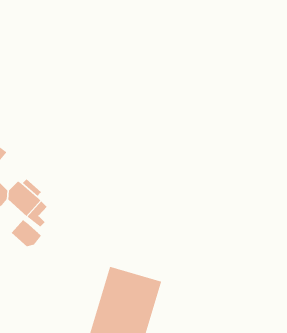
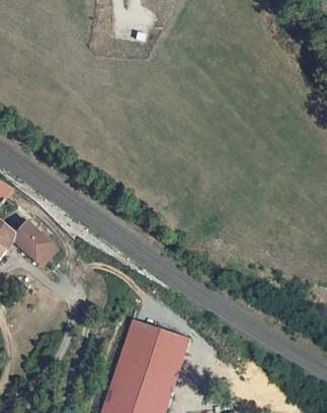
building: [11,219,42,247] -> none

